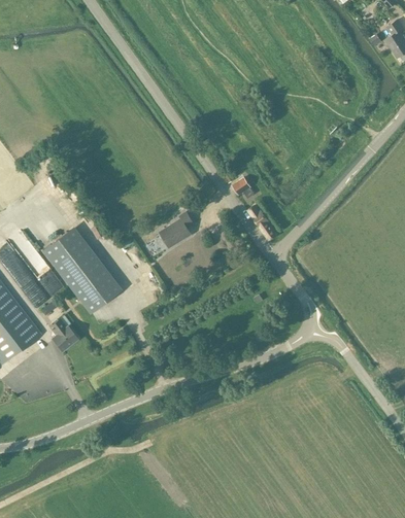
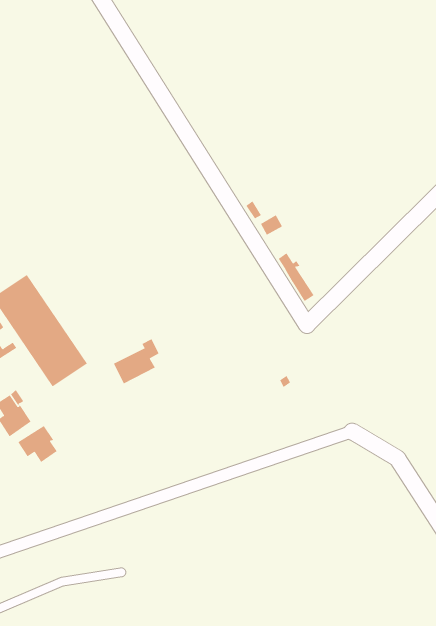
building: [161,211,194,245] -> [113,339,159,384]
building: none -> [18,425,57,463]

